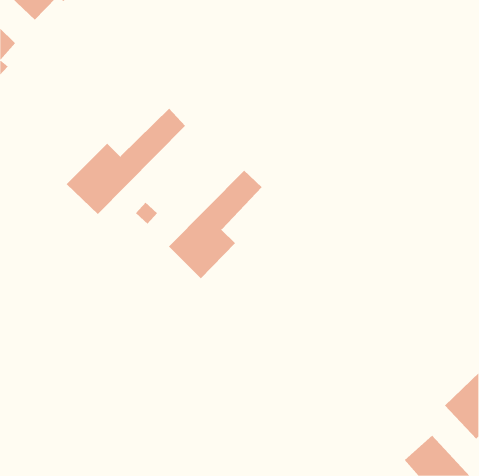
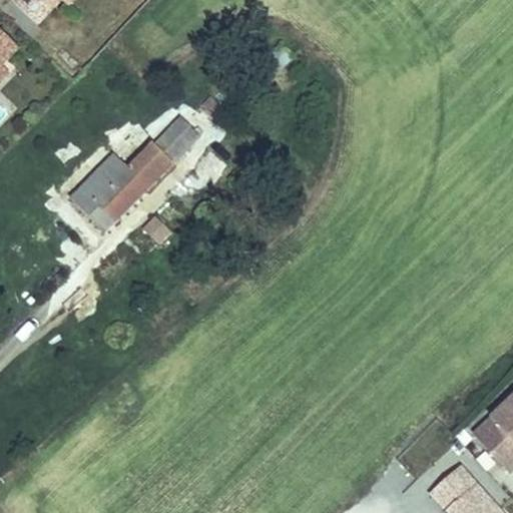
building: [168,170,263,279] -> none

